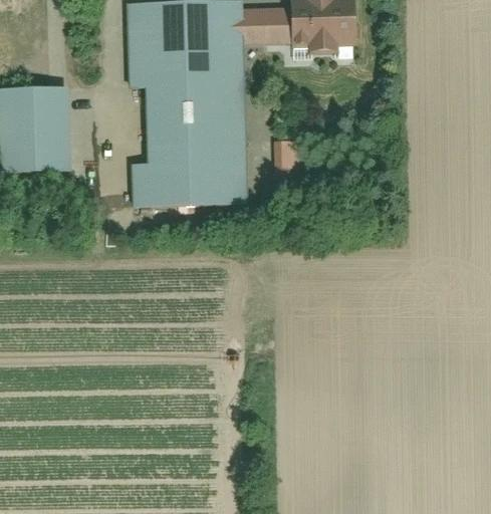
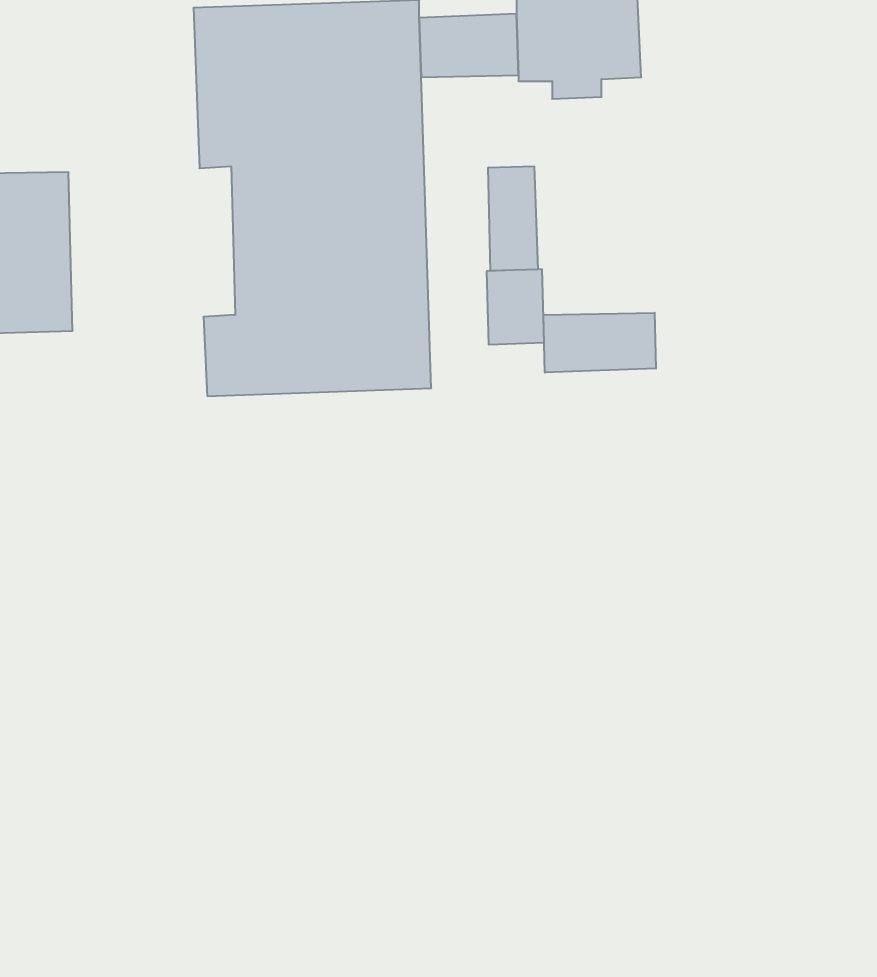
building: none -> [488,166,538,271]
building: none -> [543,313,656,373]

